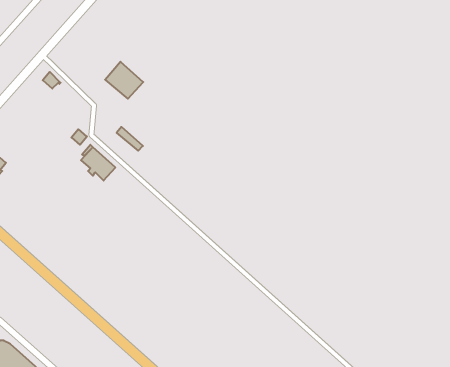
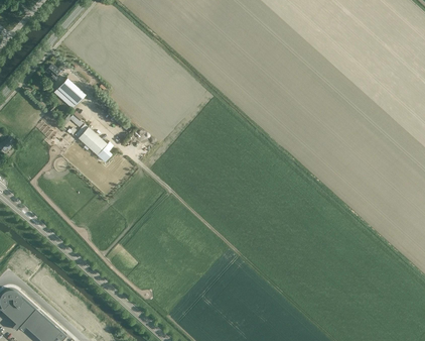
building: [105,62,143,99] -> [53,77,86,108]

